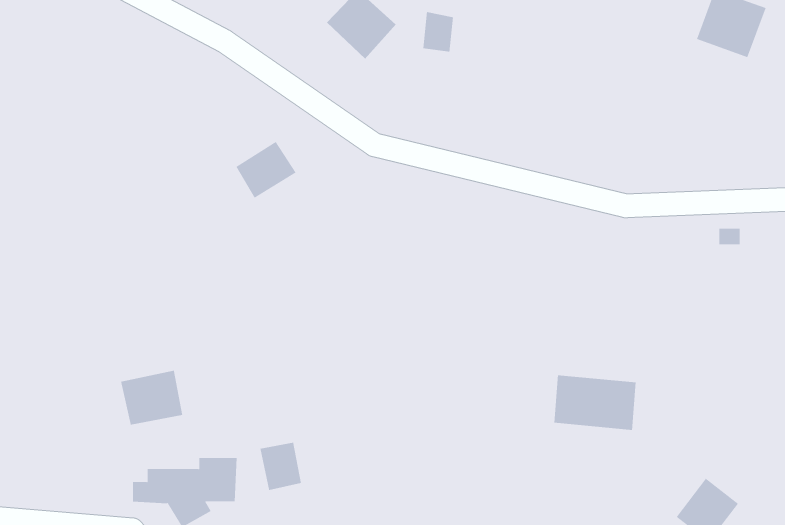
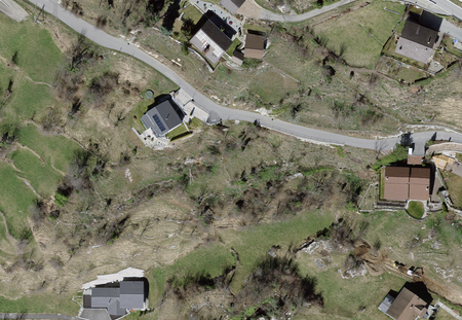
building: [120,370,183,426] -> none
building: [553,375,637,430] -> [381,171,427,202]
building: [260,442,302,491] -> none

